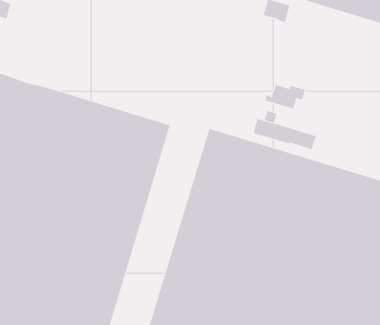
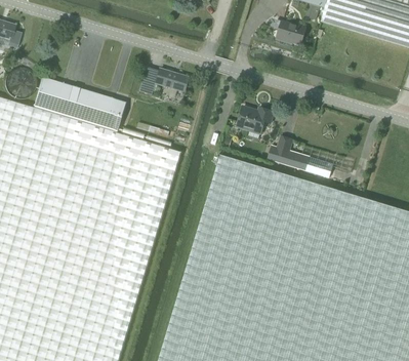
building: none -> [156,69,189,92]
building: none -> [33,77,126,132]
building: [264,85,306,109] -> [231,107,274,132]

